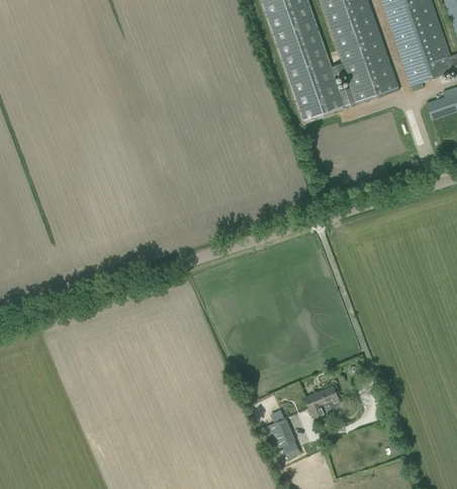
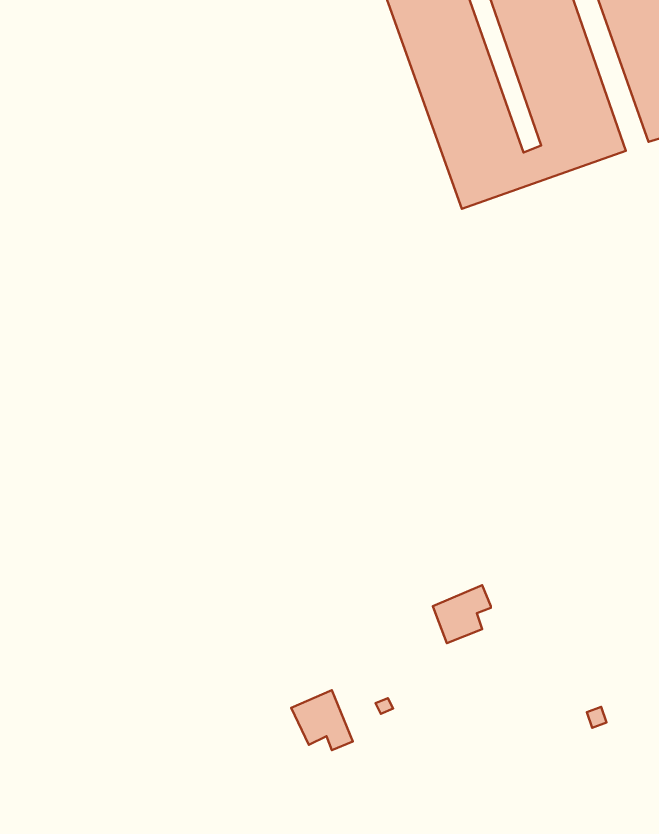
building: [305,384,339,417] -> [433,585,491,643]
building: [262,417,297,452] -> [291,690,353,750]

